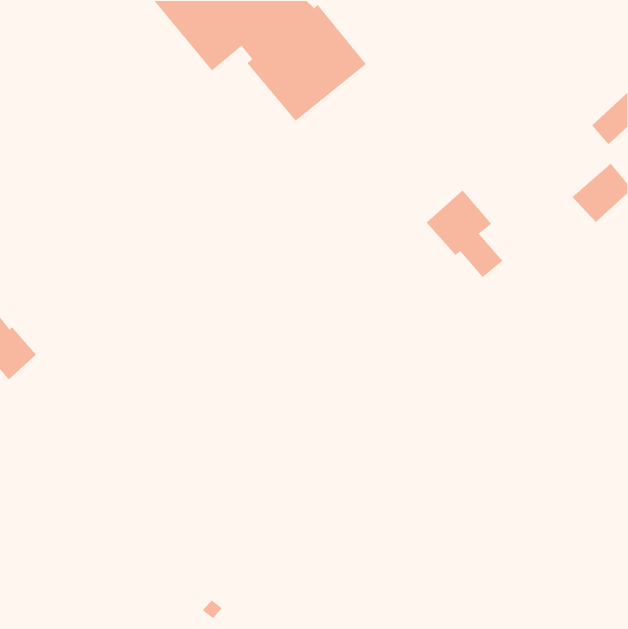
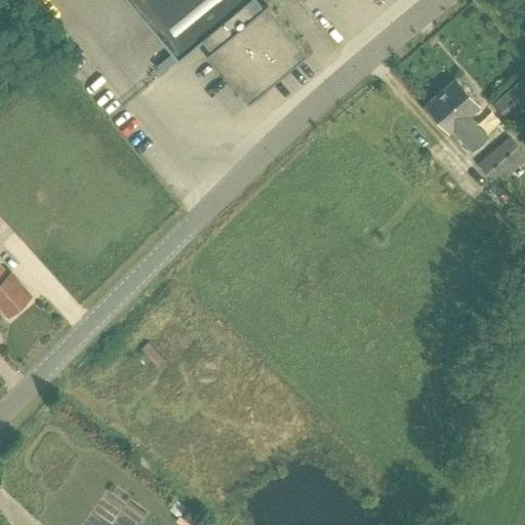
building: [426,189,503,278] -> [423,78,488,152]

